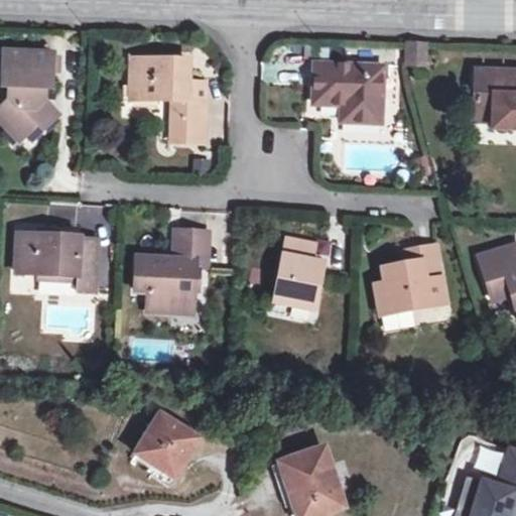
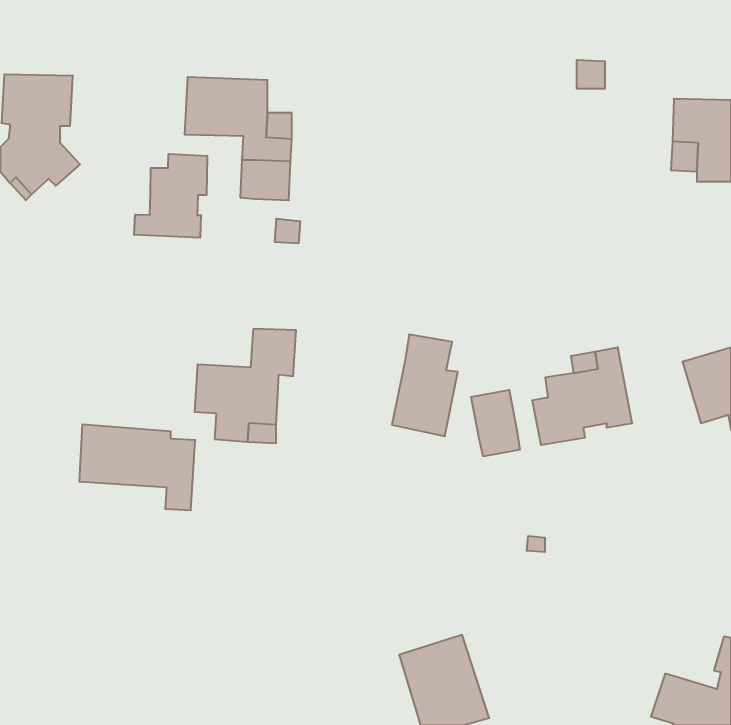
building: [312,61,384,119] -> none
building: none -> [134,154,207,238]
building: [15,231,97,291] -> [79,424,195,510]
building: none -> [471,390,520,456]
building: [136,412,201,478] -> none

